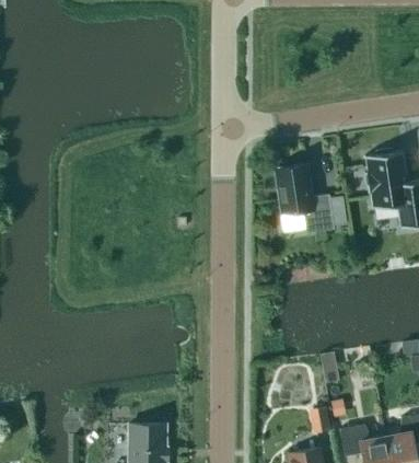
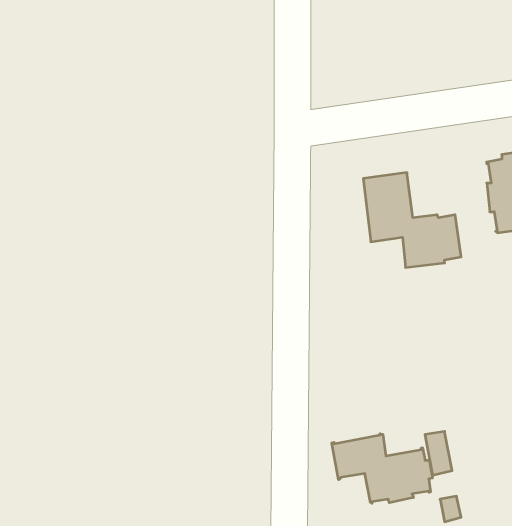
building: none -> [332,434,432,503]

